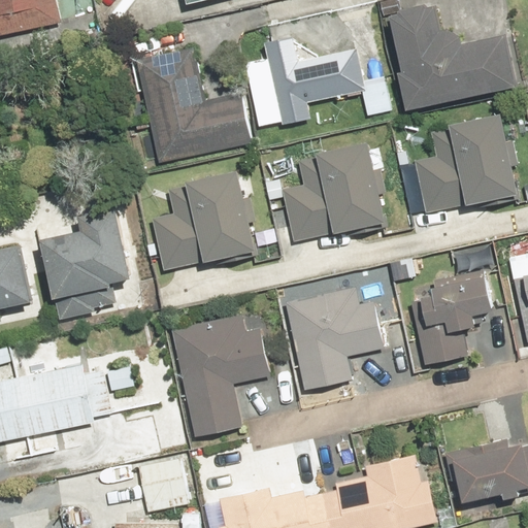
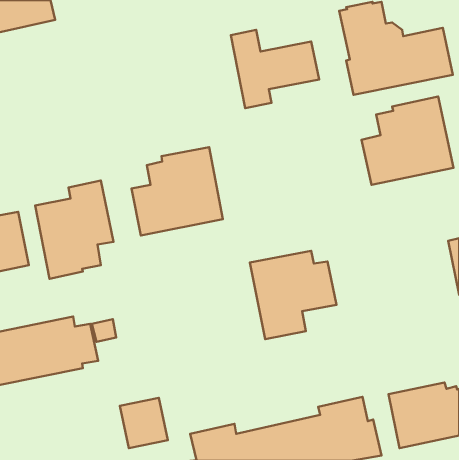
building: [137,50,252,164] -> none
building: [282,141,386,243] -> none
building: [409,270,492,366] -> none
building: [170,314,269,438] -> none

